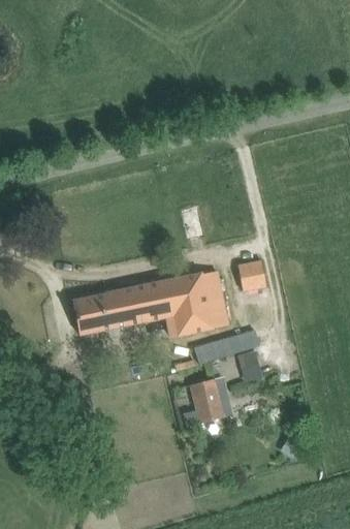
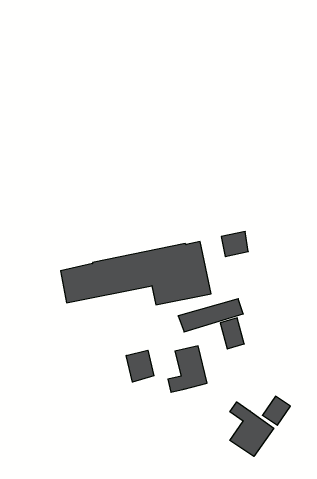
building: none -> [126,350,154,382]
building: none -> [230,402,274,456]

